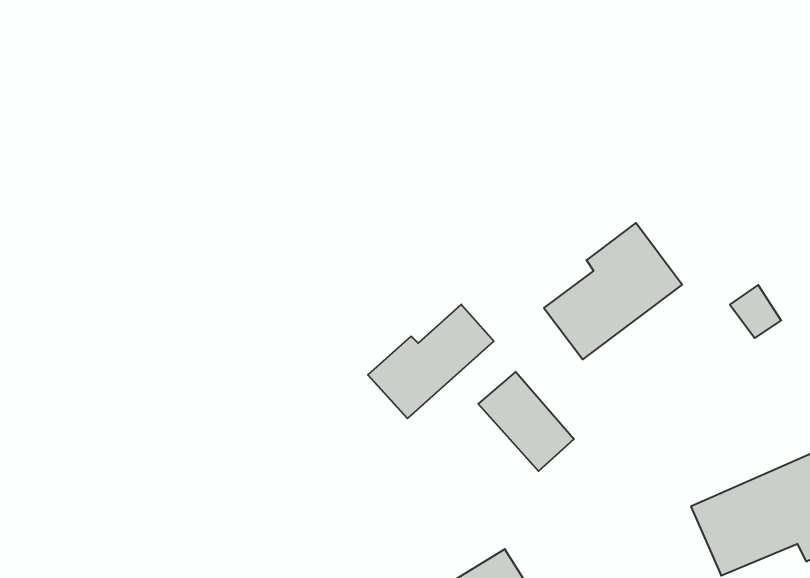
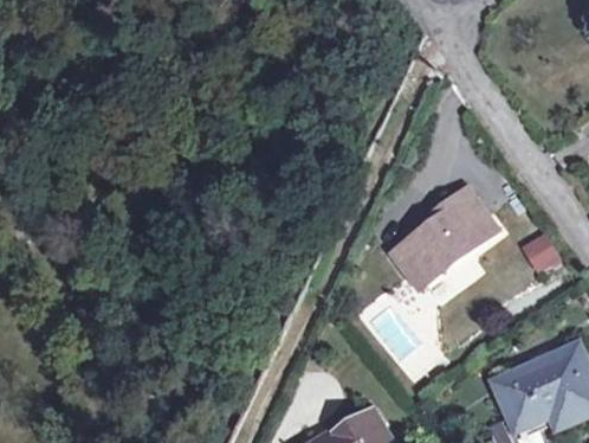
building: [368,304,494,418] -> none

